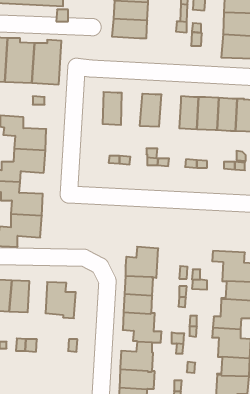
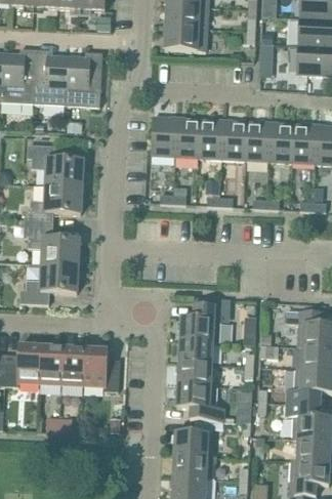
building: none -> [174,117,200,157]
building: none -> [220,119,247,160]
building: none -> [60,346,84,385]

